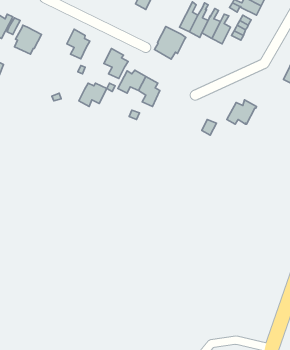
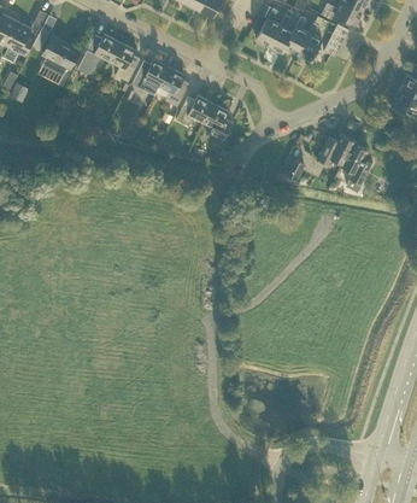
building: none -> [77,35,119,74]
building: [155,26,186,59] -> none
building: [79,83,107,106] -> [131,60,168,90]
building: none -> [340,145,371,192]

